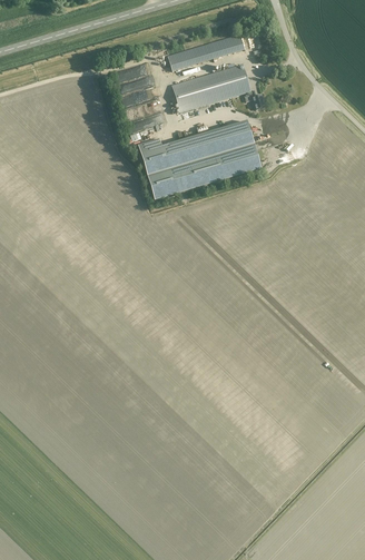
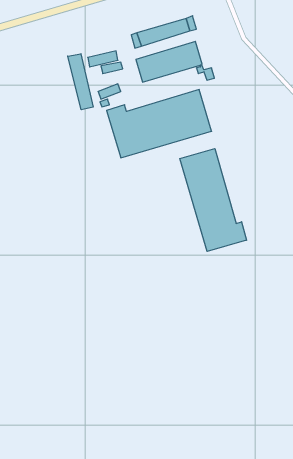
building: none -> [68,54,93,110]
building: none -> [180,149,247,251]

